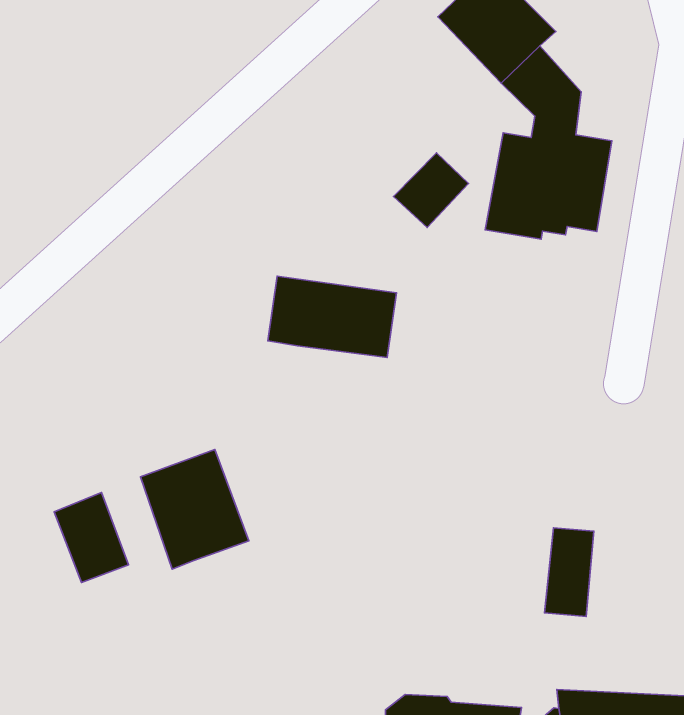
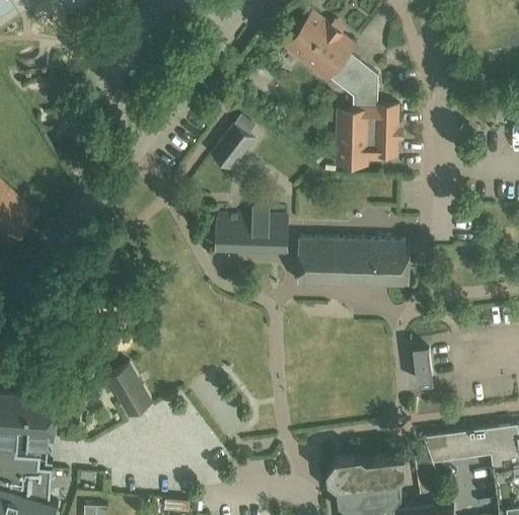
building: [393,153,469,228] -> [214,129,257,174]
building: none -> [296,237,410,288]
building: [141,449,249,569] -> none

